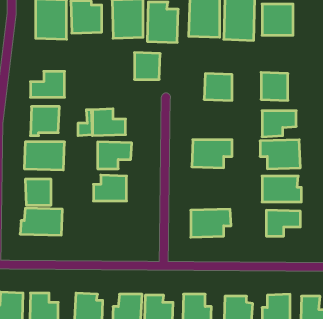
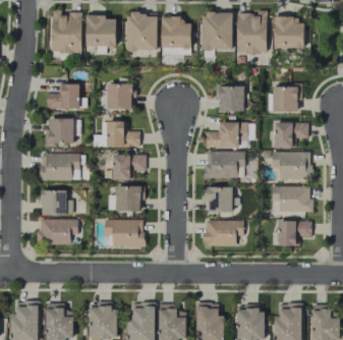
building: [134,53,160,79] -> [107,82,132,109]
building: none -> [206,121,247,147]
building: none -> [204,186,232,212]
building: none -> [105,219,144,246]

